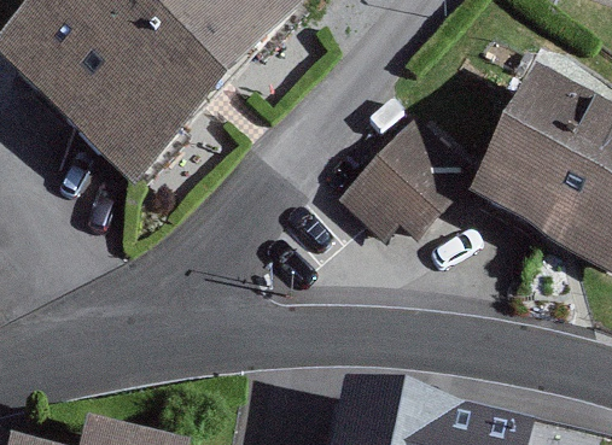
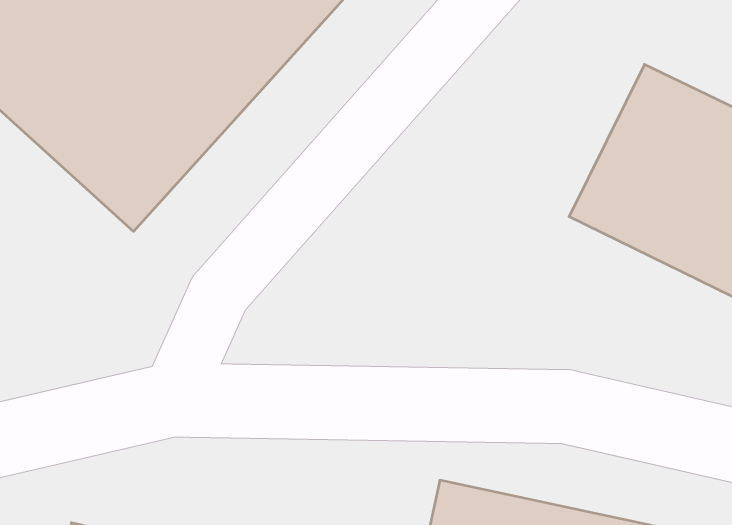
building: [348,117,462,233] -> none

